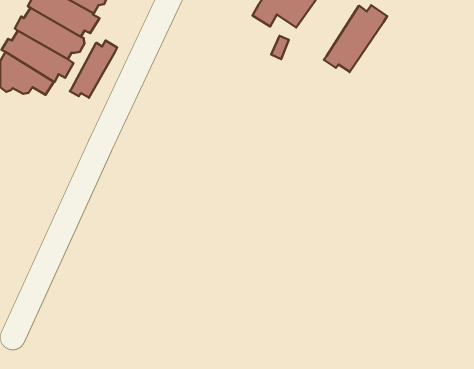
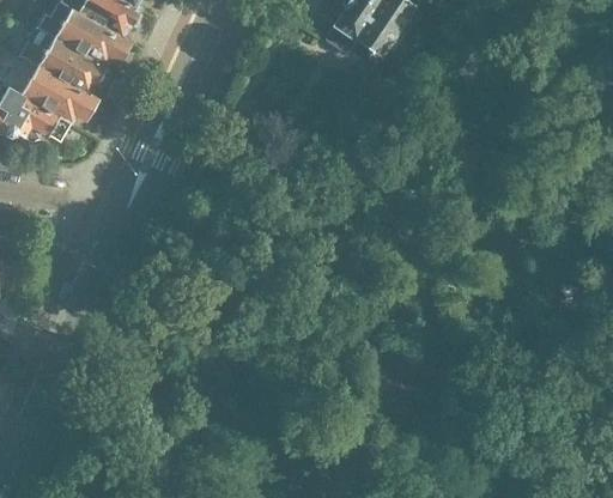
building: [324,5,387,72] -> none
building: [70,41,117,98] -> none

